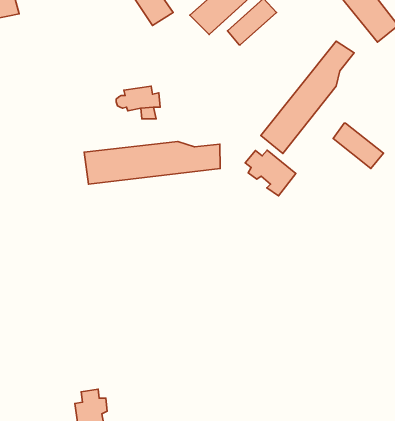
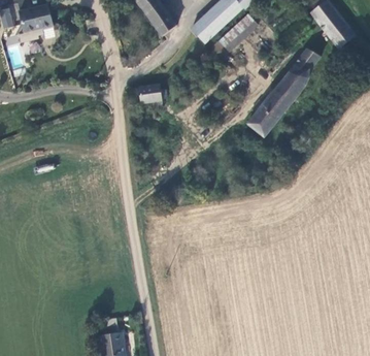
building: [333,123,383,168] -> none
building: [84,141,220,184] -> none
building: [245,150,296,196] -> none

